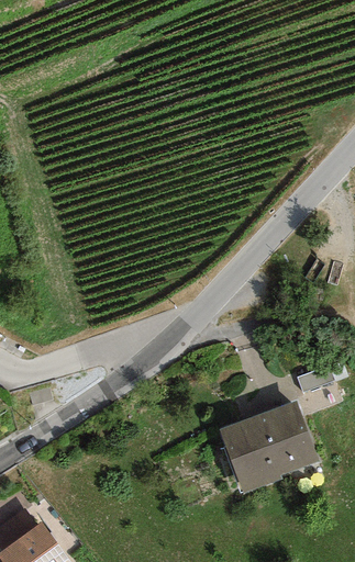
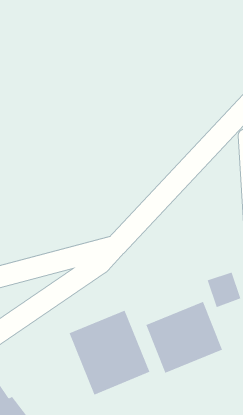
building: none -> [69,310,150,395]

